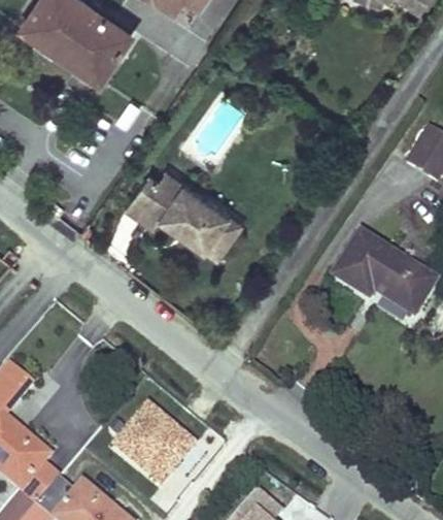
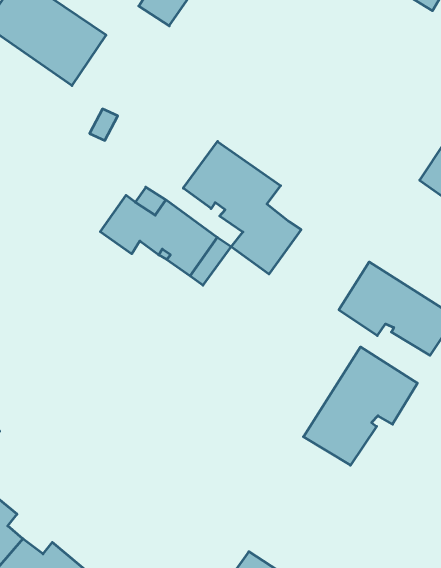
building: none -> [183,141,301,274]
building: none -> [303,347,417,465]
building: [113,403,195,482] -> none

